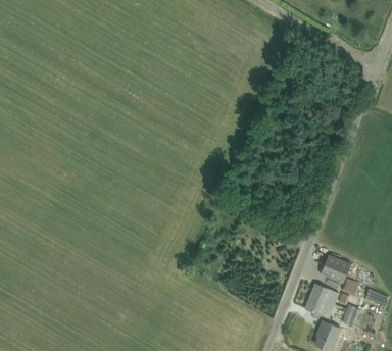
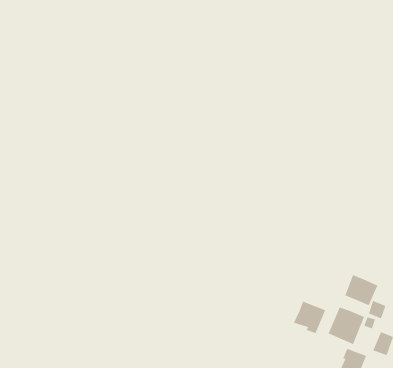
building: none -> [293,301,326,334]

